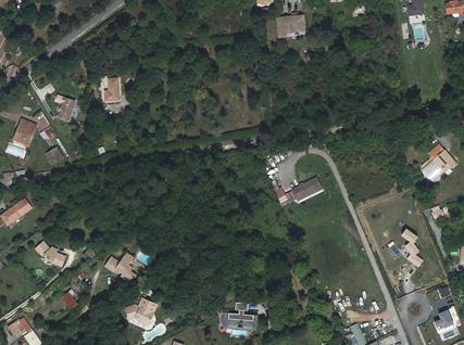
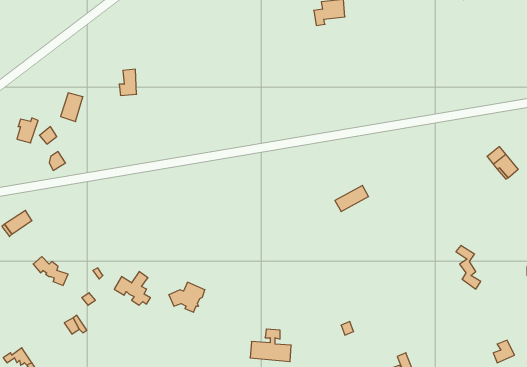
building: [124,298,155,324] -> [169,282,205,312]

